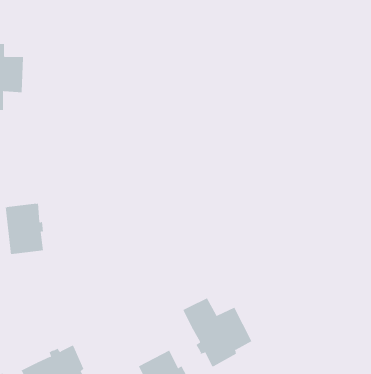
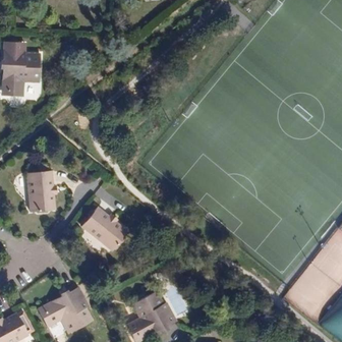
building: none -> [81,207,129,252]
building: [182,297,252,367] -> none

